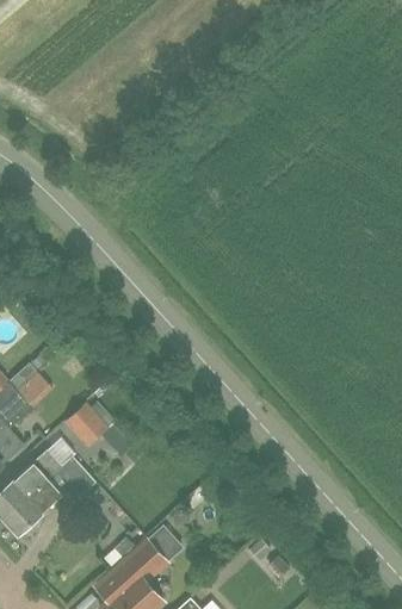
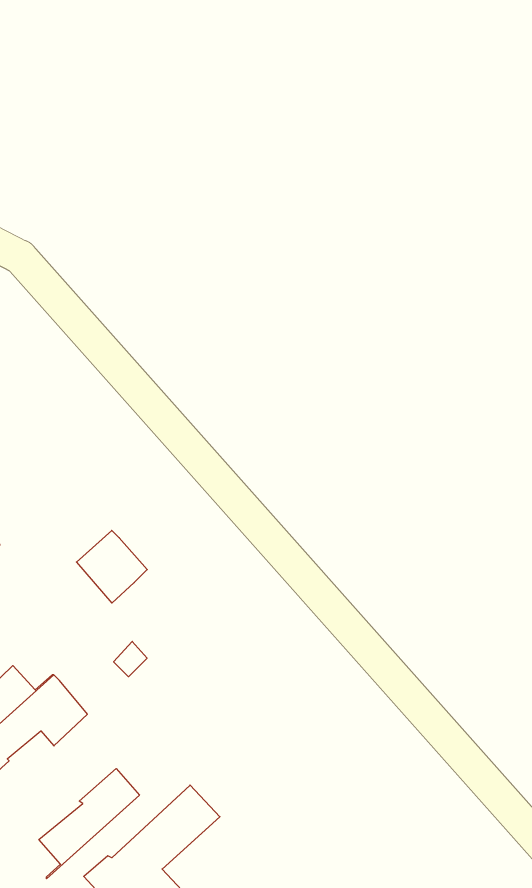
building: [63,402,109,448] -> [76,530,147,603]
building: none -> [39,769,139,879]

